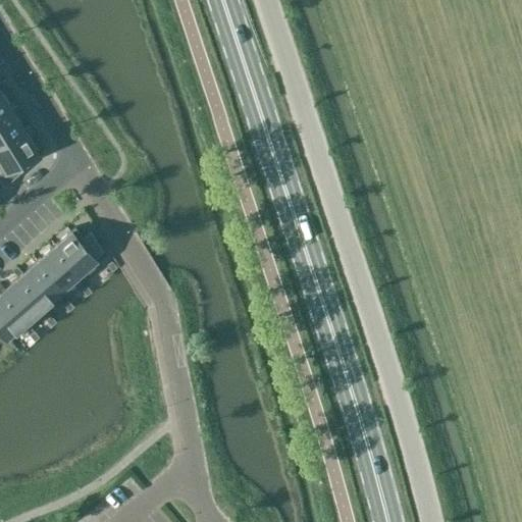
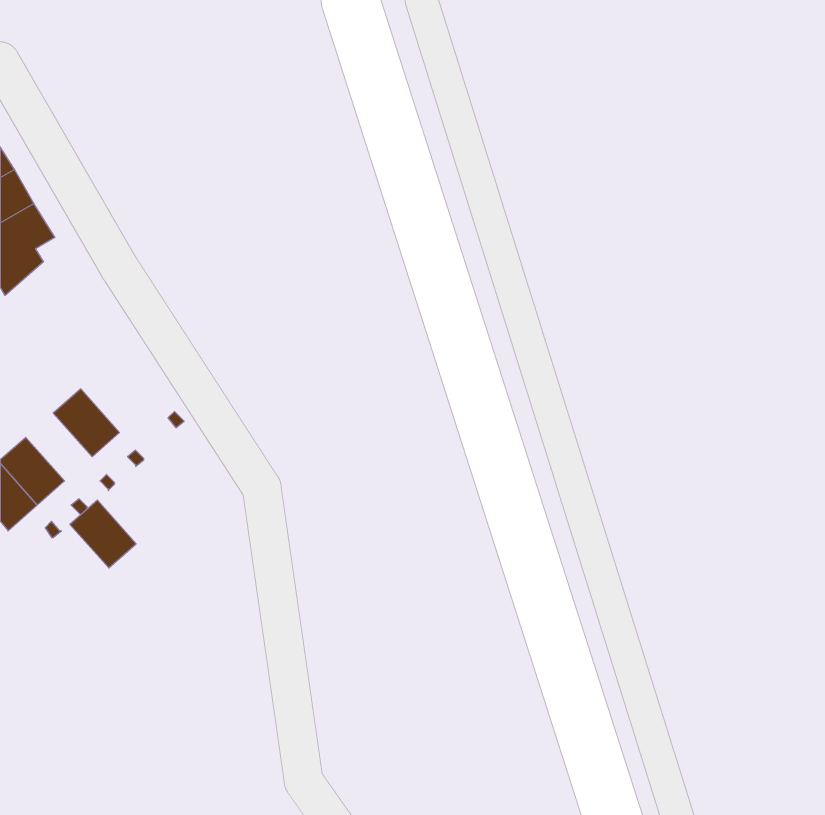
building: [51,237,102,279] -> none
building: [16,267,58,310] -> [70,500,136,568]

